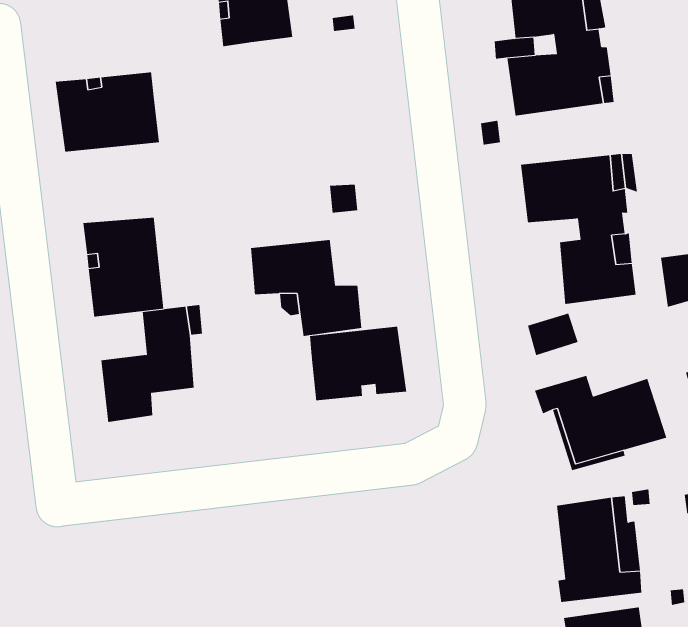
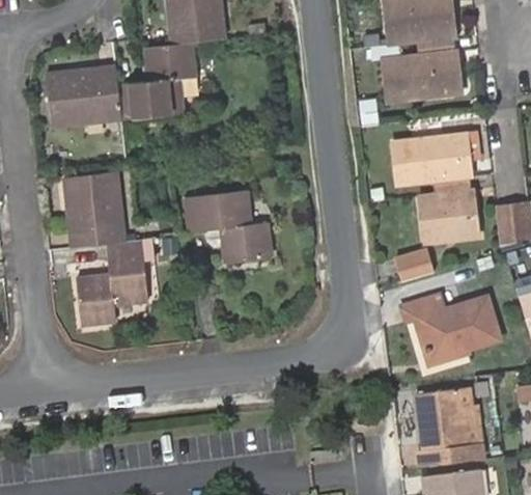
building: none -> [117,45,193,121]
building: [309,326,407,401] -> none

